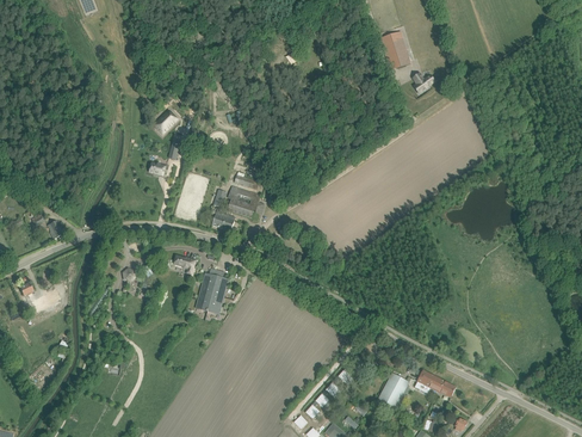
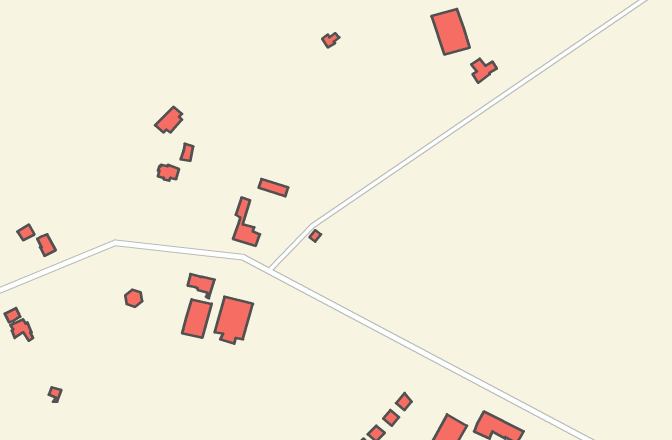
building: [228,185,261,217] -> none
building: none -> [182,299,212,338]

